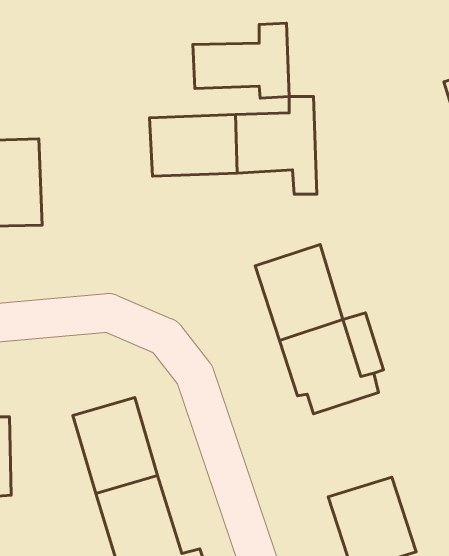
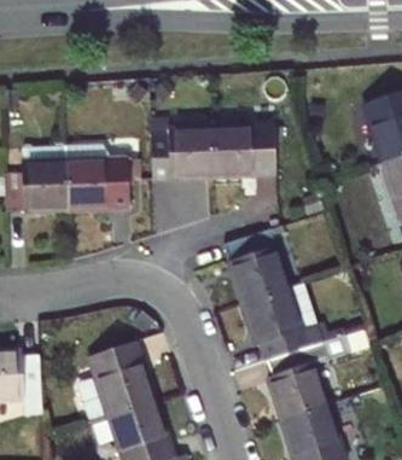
building: [193,23,289,98] -> none
building: none -> [63,147,124,214]
building: none -> [263,331,348,415]

